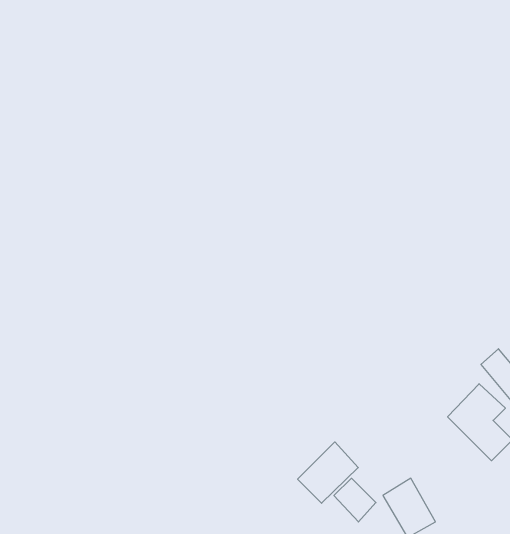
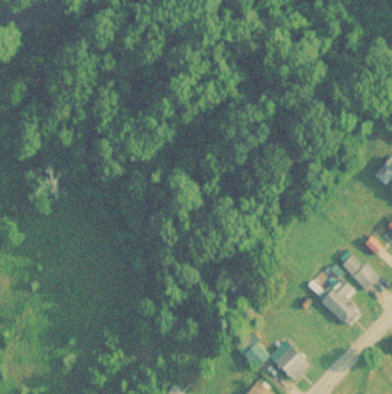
building: [298,442,358,503] -> none

